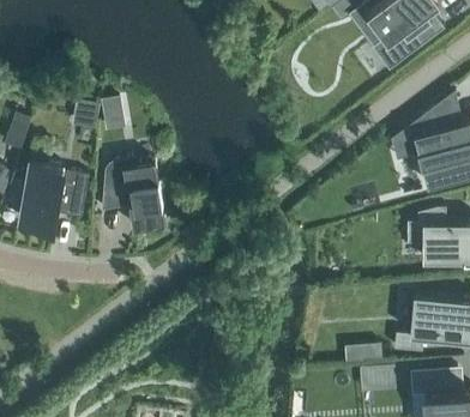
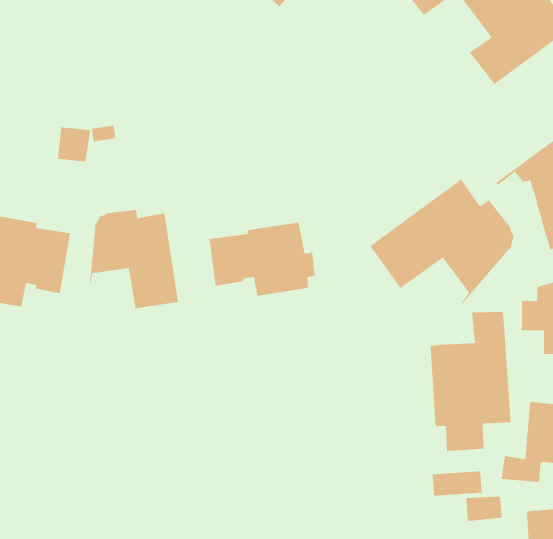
building: none -> [369,178,514,305]
building: none -> [209,222,315,296]
building: none -> [430,311,511,452]

